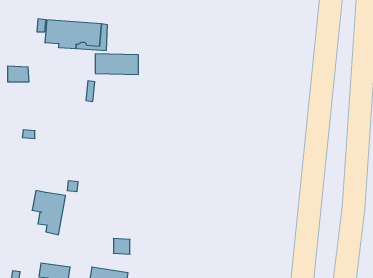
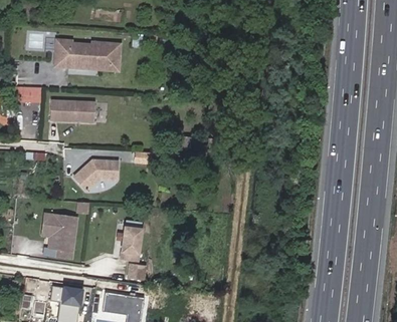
building: [95,54,138,74] -> [51,97,95,118]
building: none -> [70,160,115,192]
building: none -> [120,223,138,259]

